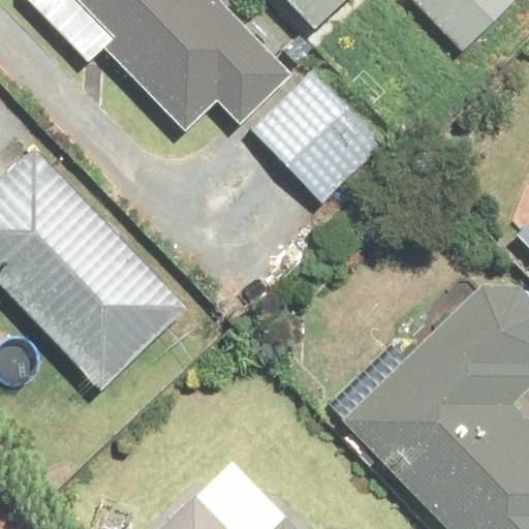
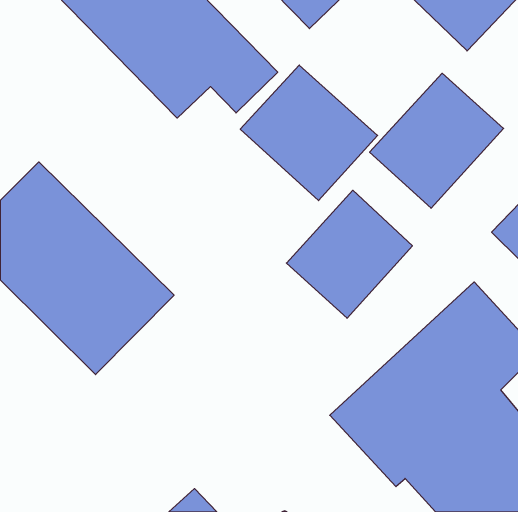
building: none -> [370,73,504,208]
building: none -> [286,190,412,318]

